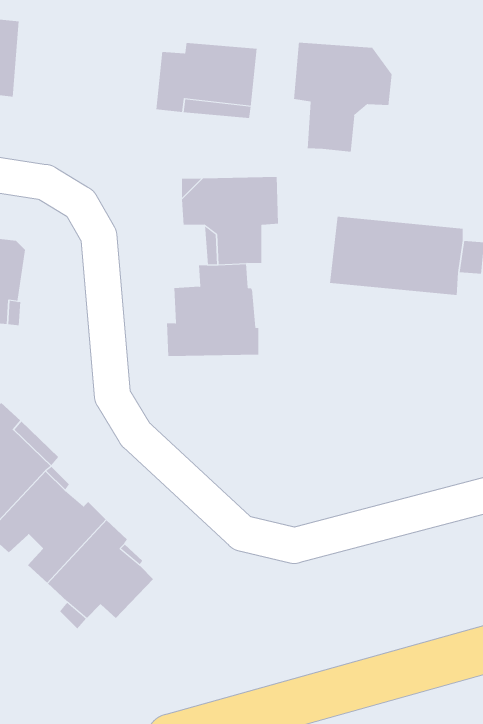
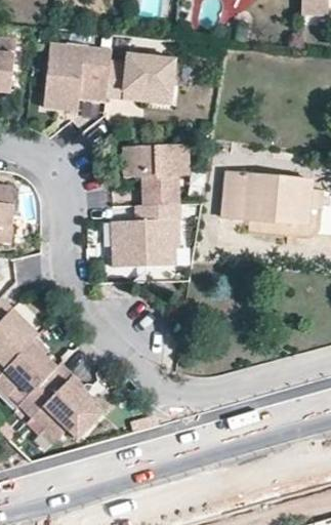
building: none -> [44,43,111,110]
building: [294,42,392,153] -> none

